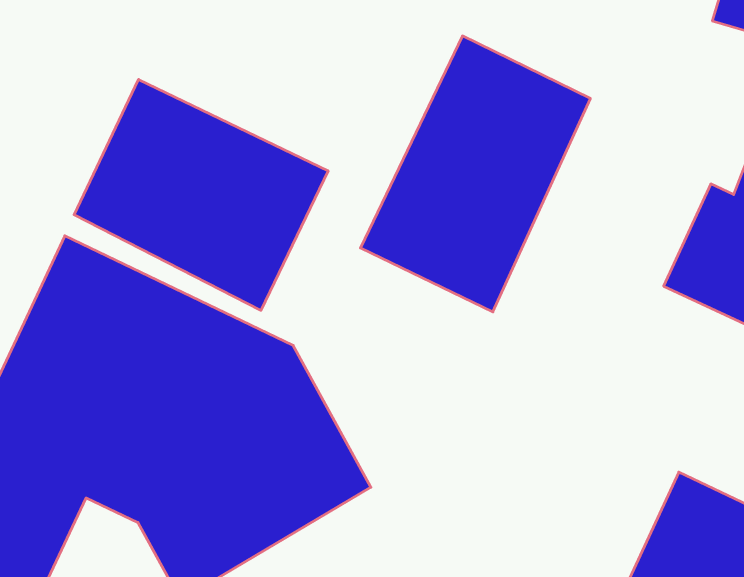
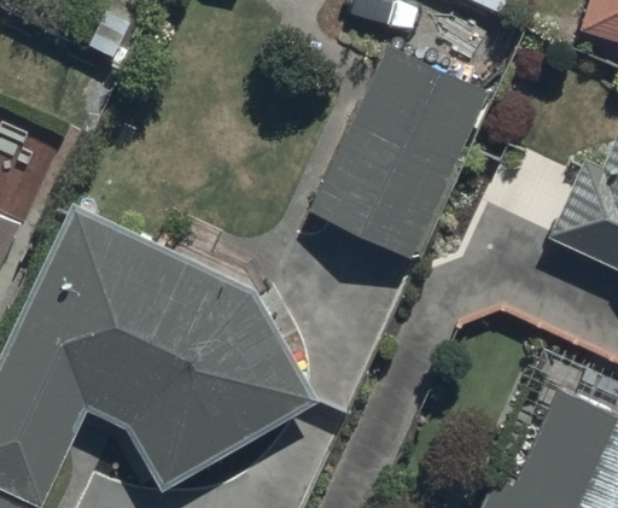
building: [74,79,328,310] -> none

